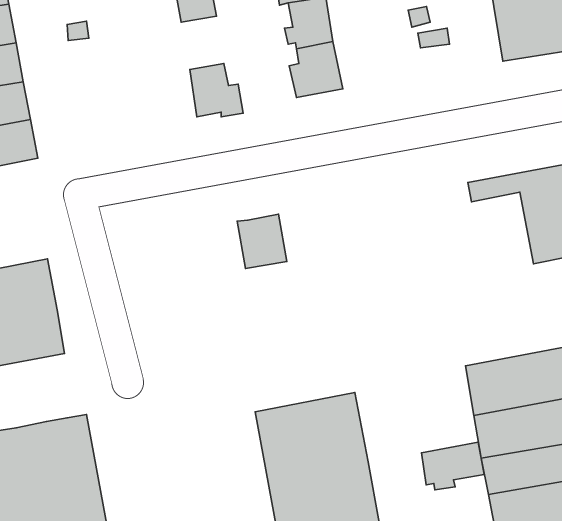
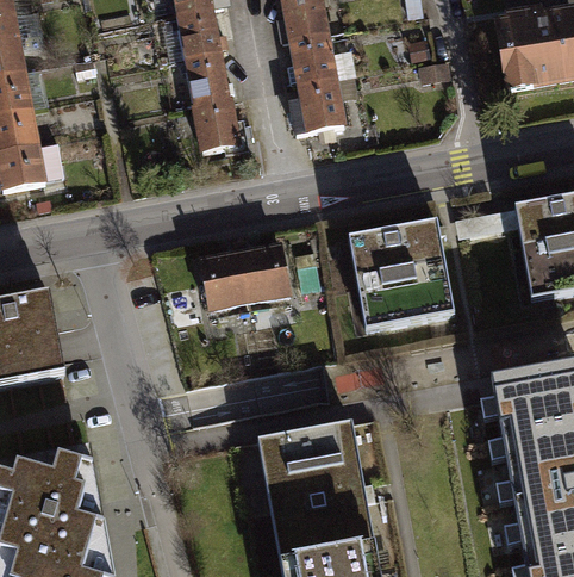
building: none -> [187,50,229,103]
building: none -> [350,218,456,327]
building: none -> [201,252,250,305]
building: [422,442,484,490] -> none

